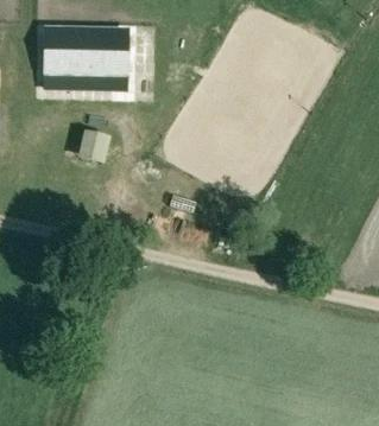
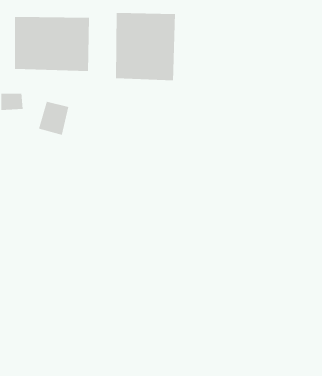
building: none -> [116,12,175,81]

